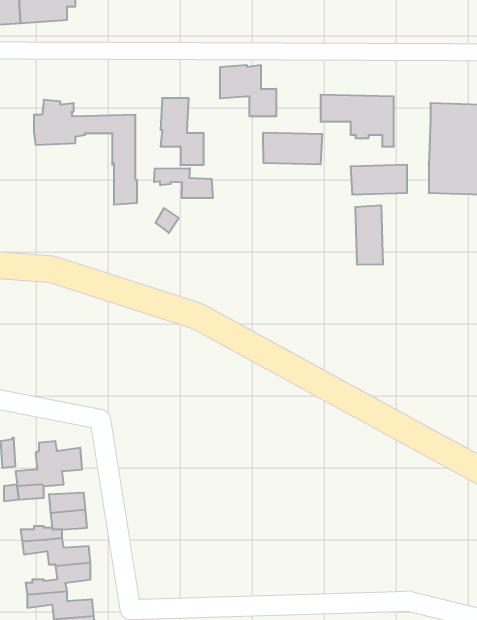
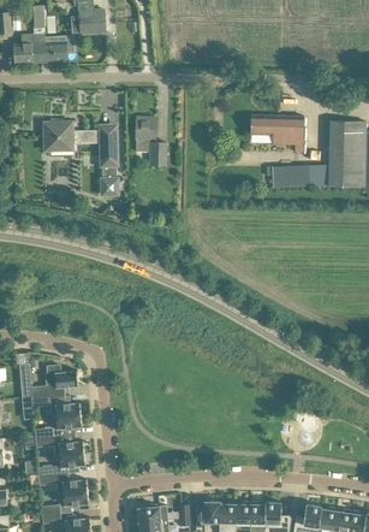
building: [220,65,276,116] -> none
building: [263,133,322,164] -> none
building: [154,168,213,198] -> none
building: [355,205,383,265] -> none

